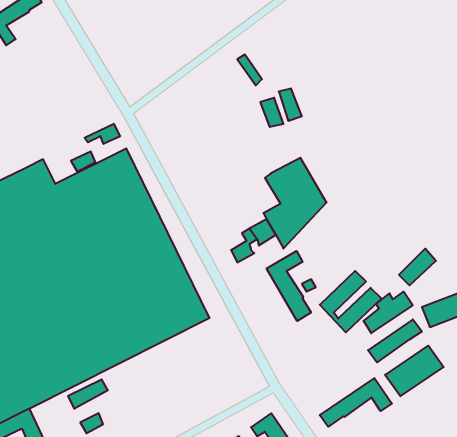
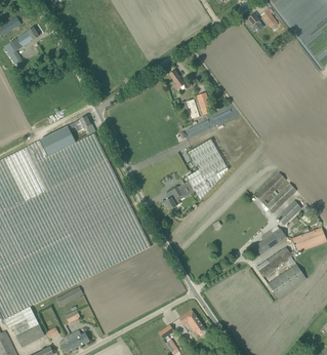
building: [267,251,311,321] -> none
building: [320,271,381,332] -> [254,171,295,212]
building: [320,378,392,427] -> none

